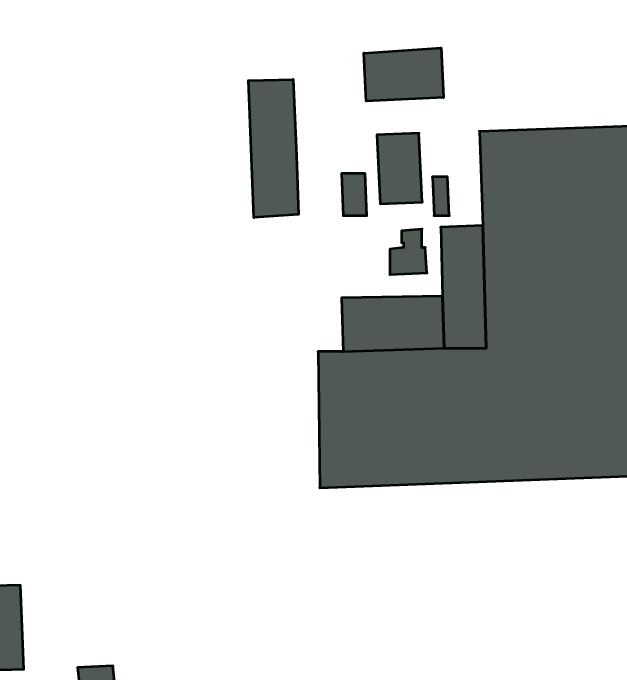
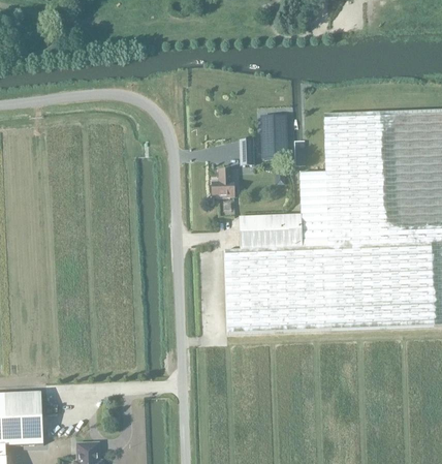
building: [364,48,443,101] -> none
building: [248,79,298,218] -> none
building: [390,229,427,275] -> [211,168,233,196]

